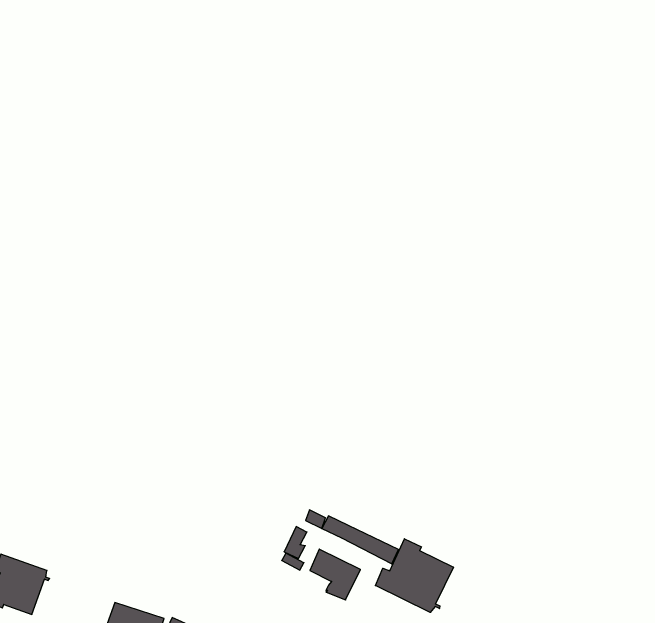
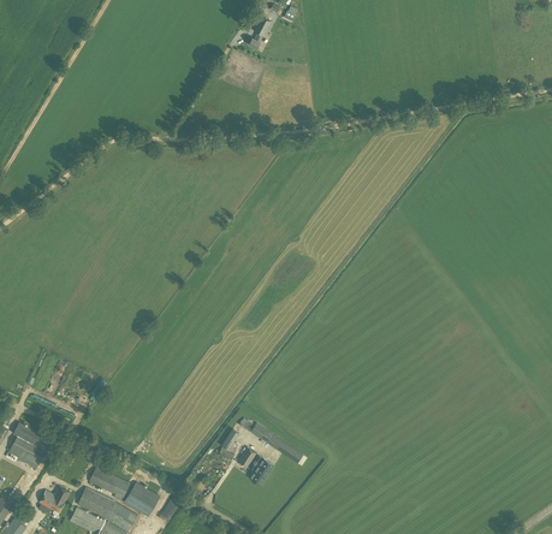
building: [375,539,453,612] -> none

